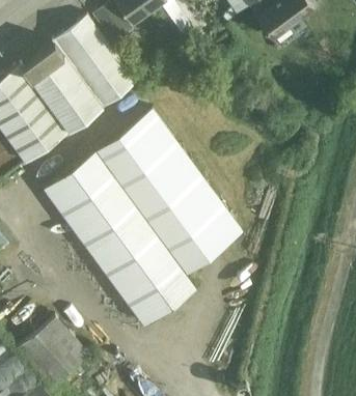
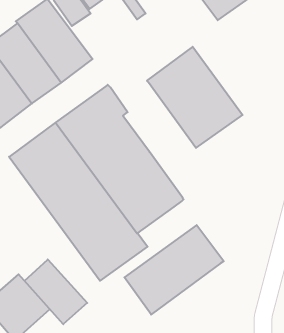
building: none -> [147,47,243,148]
building: none -> [124,225,224,315]
building: none -> [25,259,87,324]

